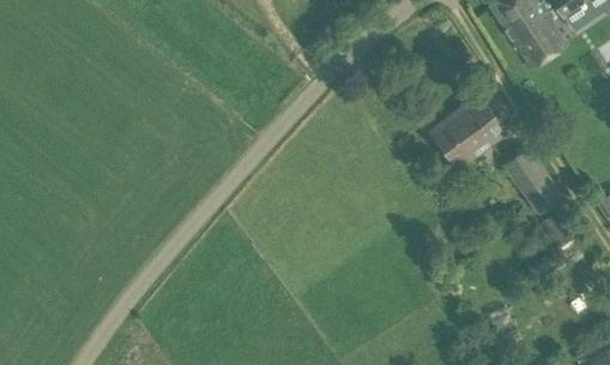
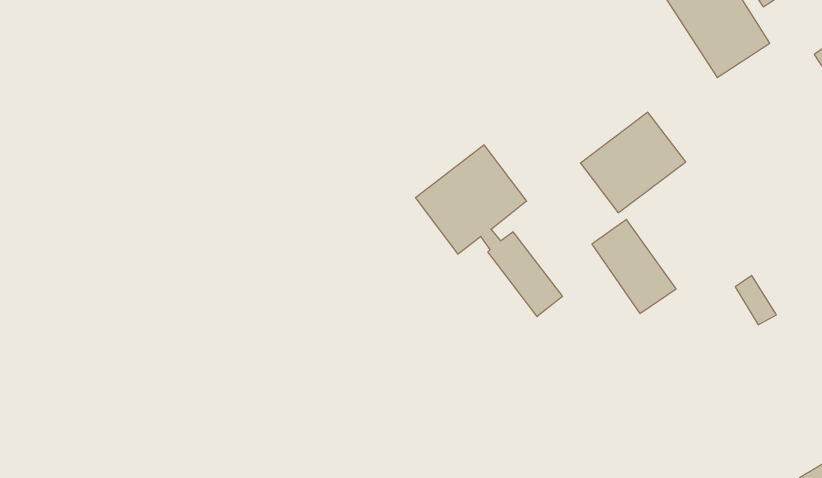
building: none -> [415,145,562,317]
building: [503,148,564,216] -> [592,219,676,313]

